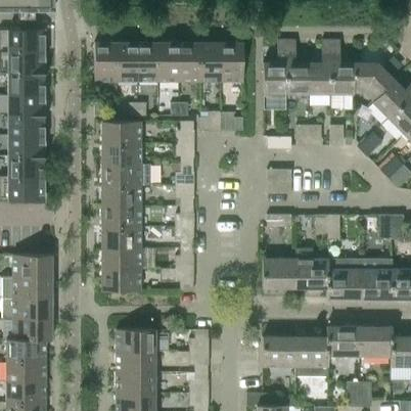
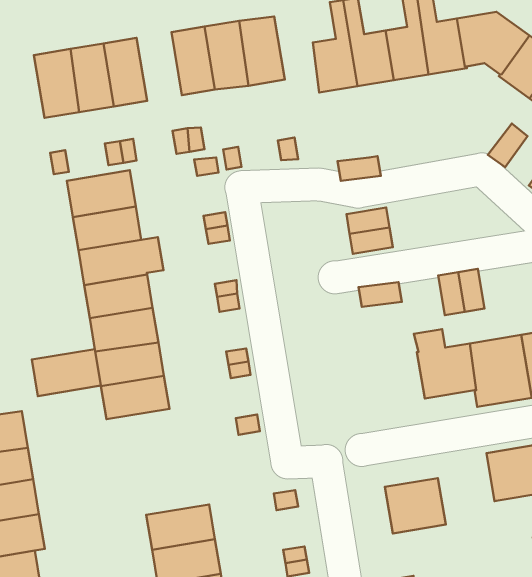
building: [158,43,180,82] -> none
building: [263,259,295,288] -> none
building: [102,269,141,291] -> [32,349,101,396]
building: [295,337,328,376] -> none

